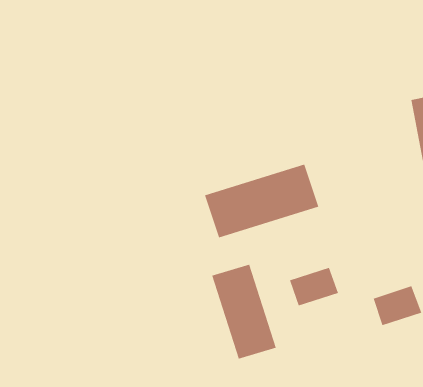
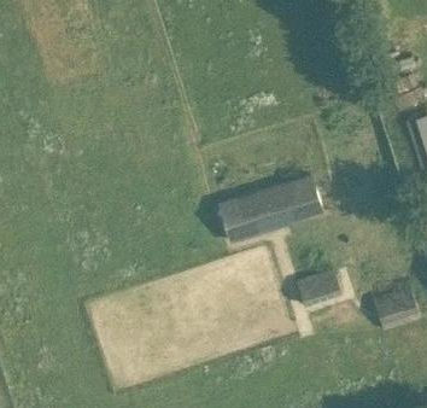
building: [211,264,277,360] -> none

